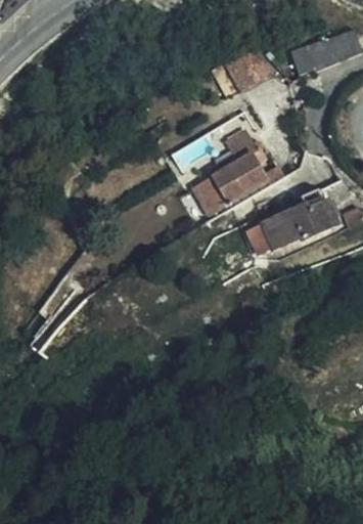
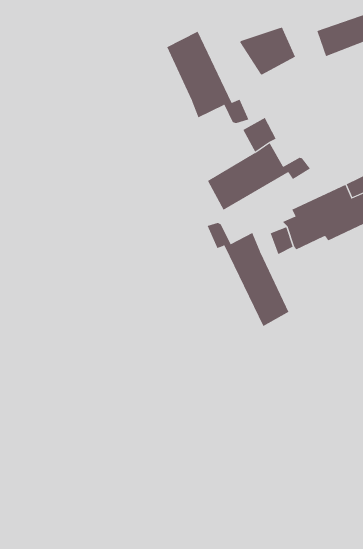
building: none -> [167,31,249,124]
building: none -> [207,222,289,327]

